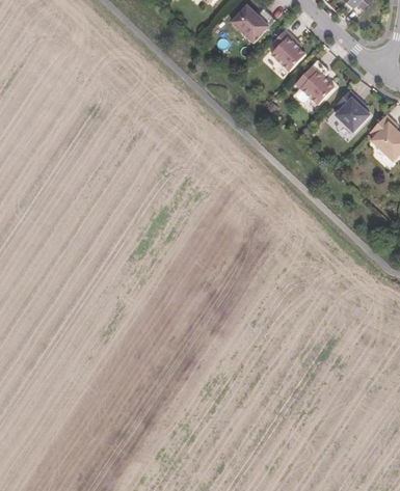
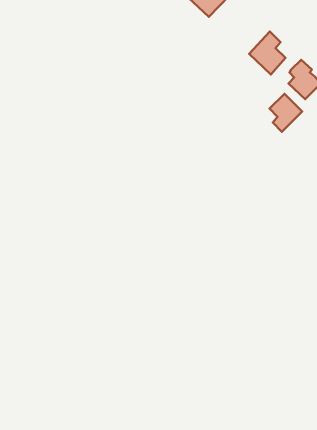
building: [269,30,304,72] -> none
building: none -> [270,94,302,132]

